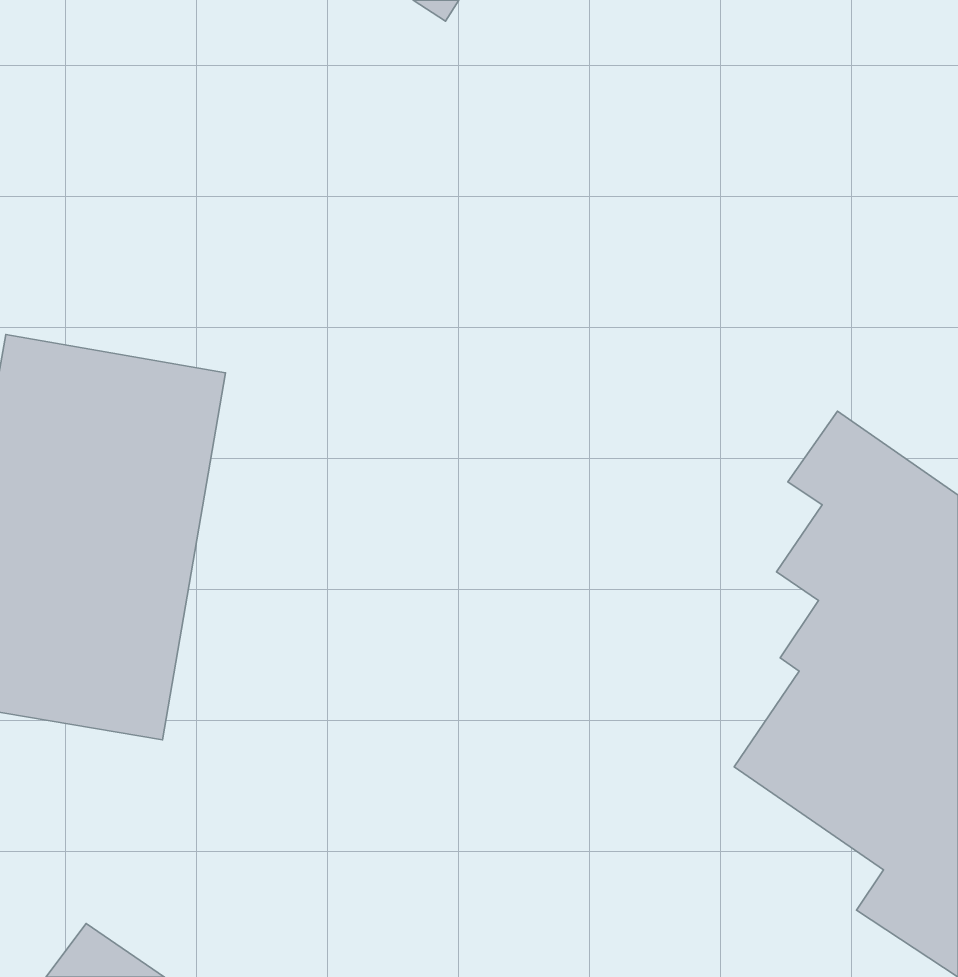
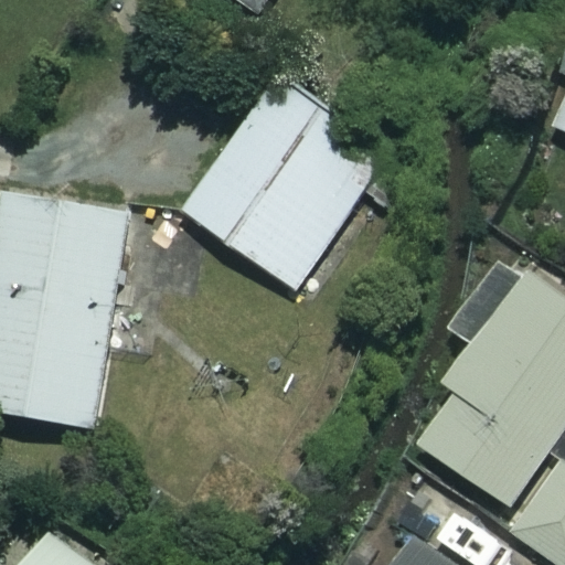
building: none -> [181,78,387,290]

